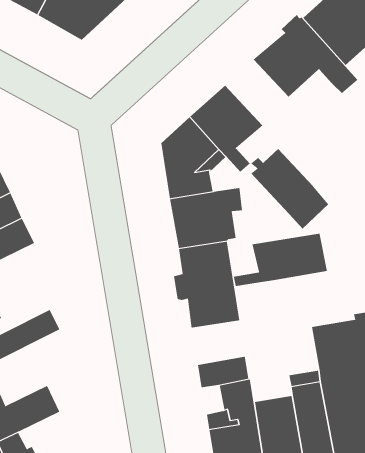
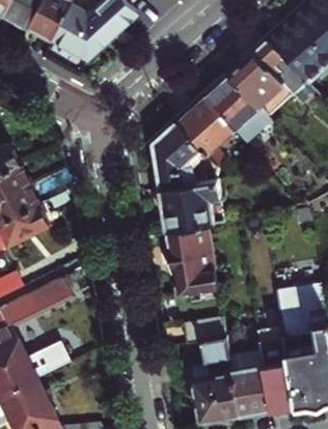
building: [250,148,329,229] -> [206,76,270,142]
building: [233,233,327,287] -> none

